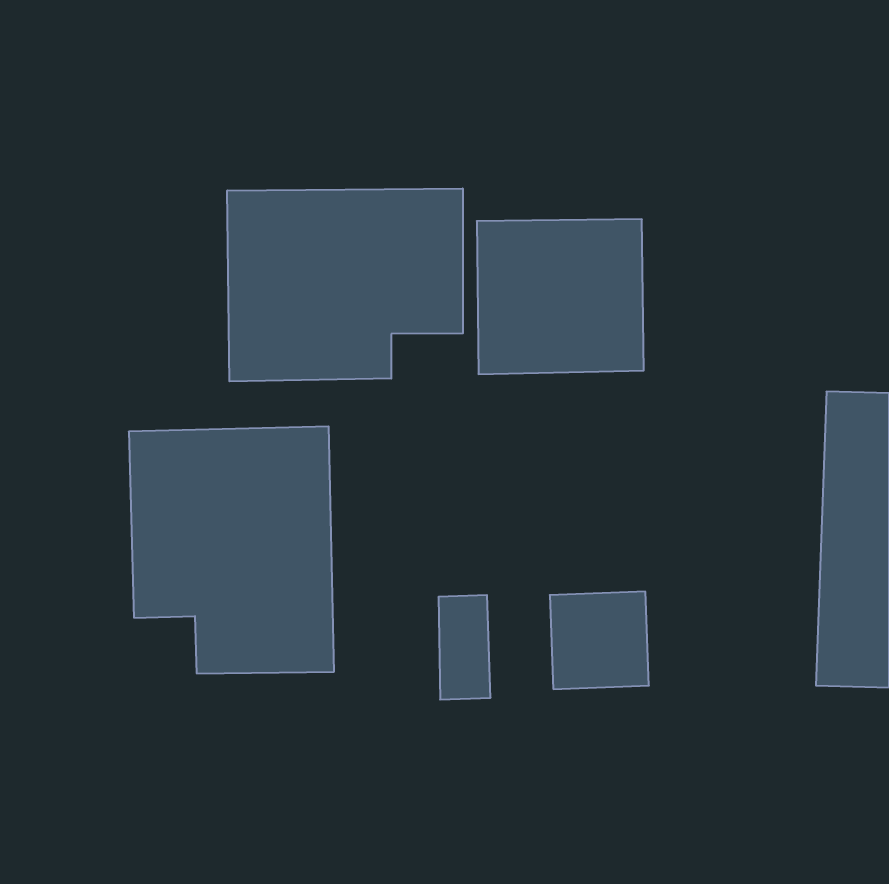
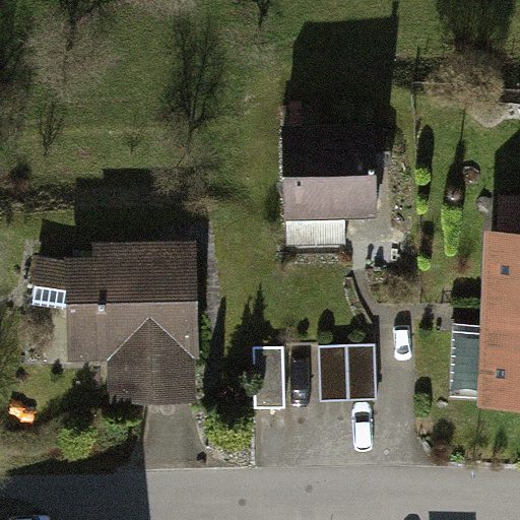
building: [227,188,463,381] -> none

